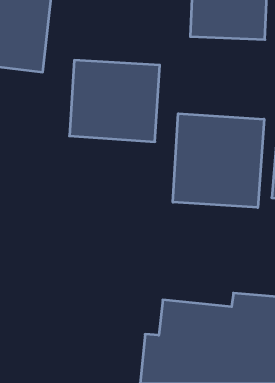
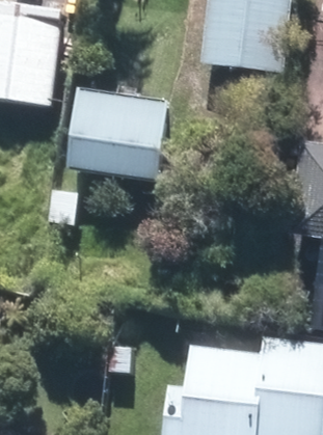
building: [173,114,264,208] -> none

